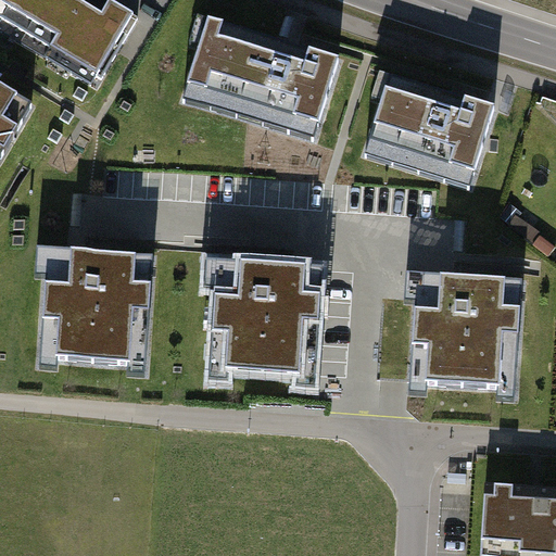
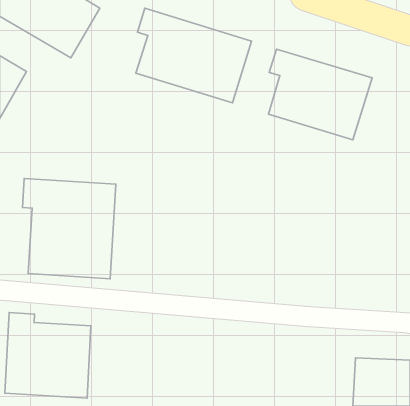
building: [200,252,326,388] -> none
building: [401,266,527,403] -> none
building: none -> [5,313,91,398]

